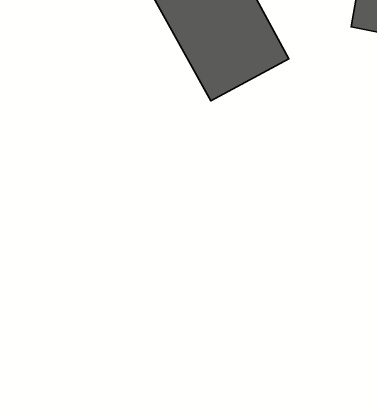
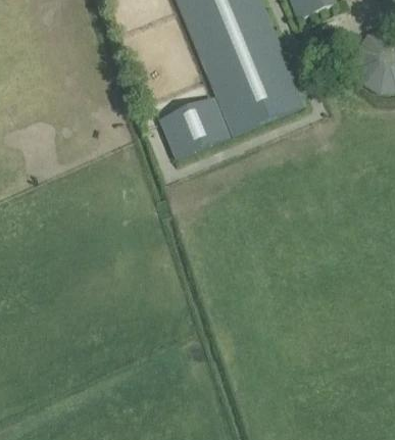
building: none -> [160,99,229,158]

